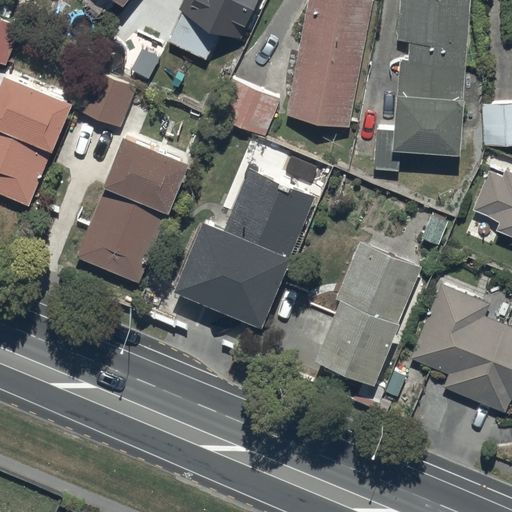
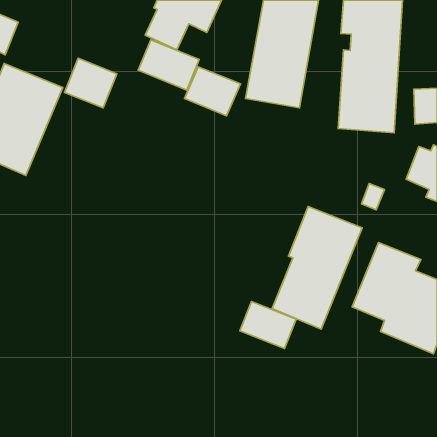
building: none -> [138,40,199,90]
building: [75,137,190,284] -> none
building: [174,170,315,328] -> none
building: none -> [240,302,296,348]

